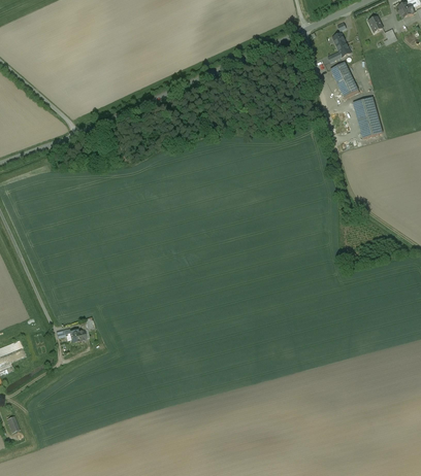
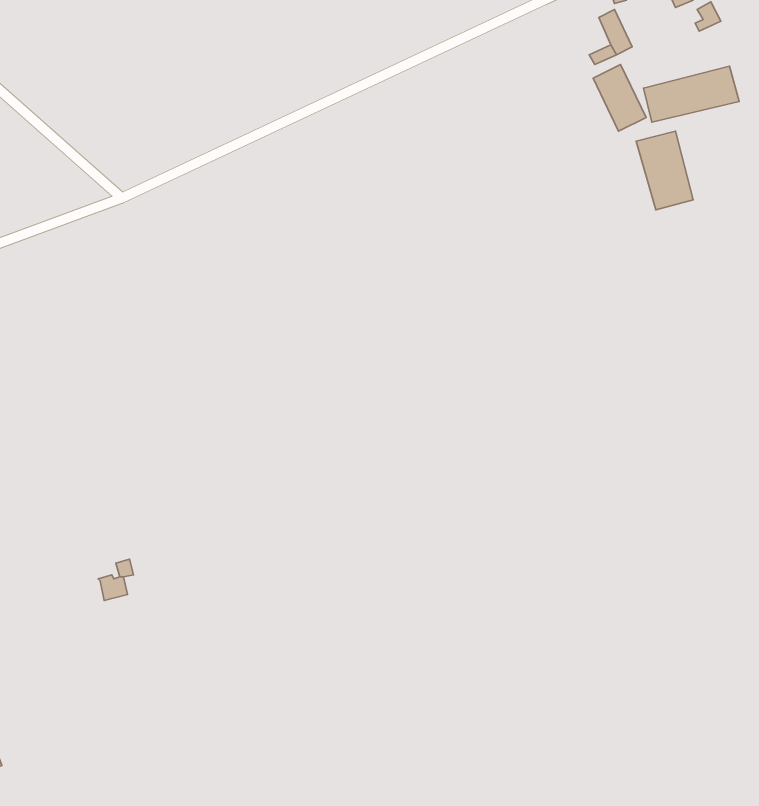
building: none -> [643,66,739,122]

